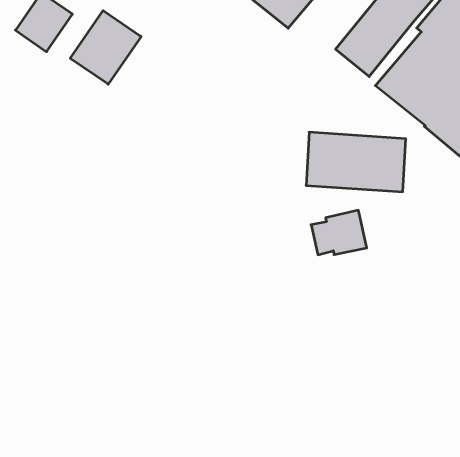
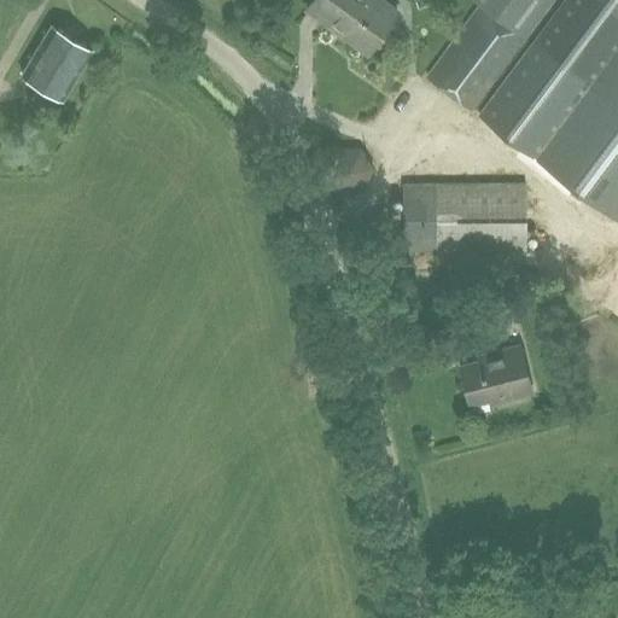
building: [70,11,141,84] -> none
building: [311,210,367,255] -> [460,344,532,403]

